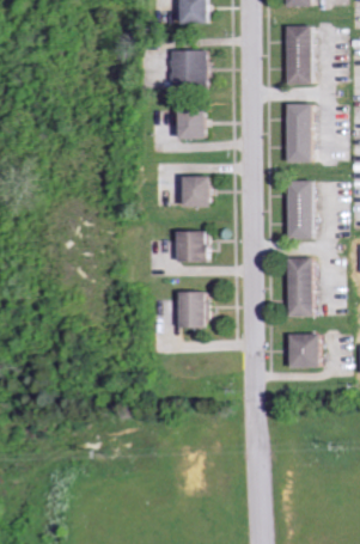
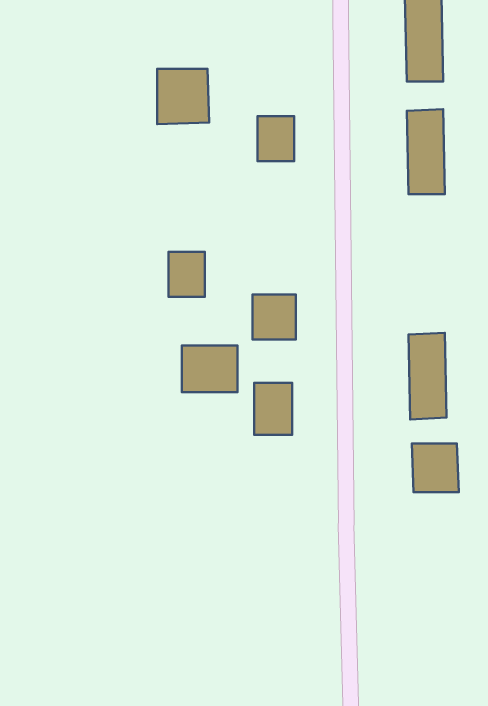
building: [171,50,207,88] -> [157,69,209,124]
building: [185,176,210,207] -> [169,252,205,297]
building: [286,181,312,238] -> none
building: none -> [182,345,238,392]

